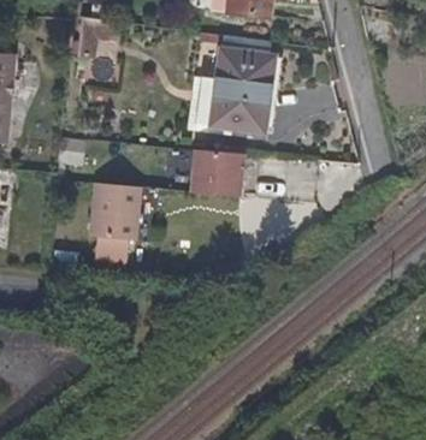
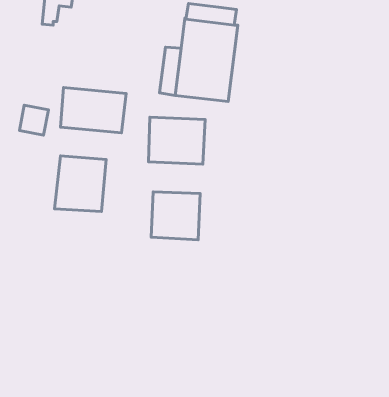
building: none -> [60,88,126,133]
building: none -> [151,192,200,240]

